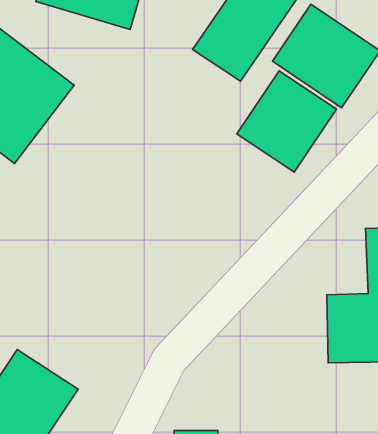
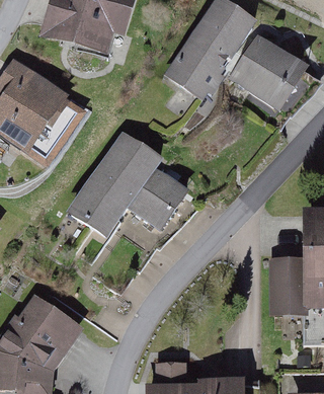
building: [237,71,337,172] -> none
building: none -> [69,137,192,243]

